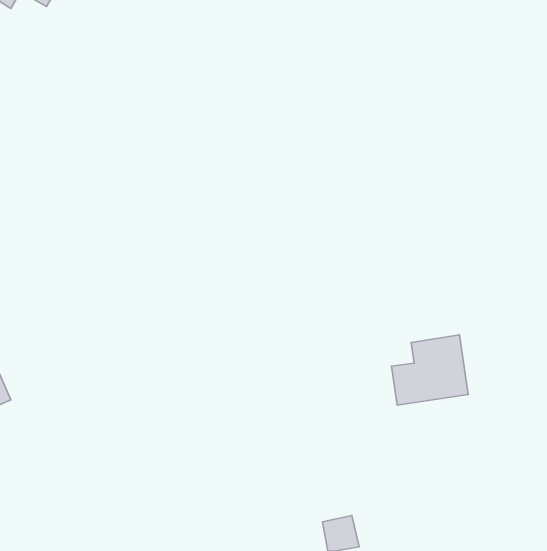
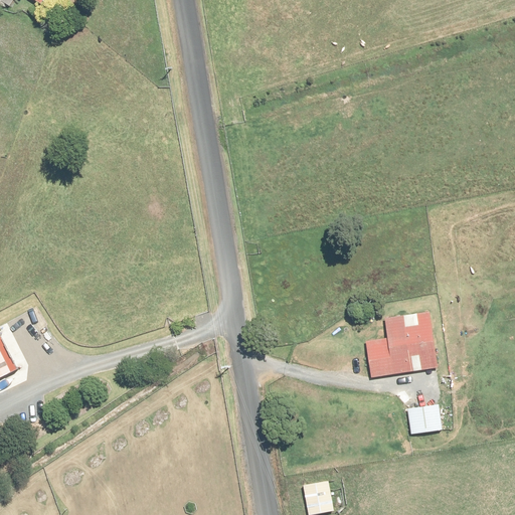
building: none -> [404,403,442,435]

